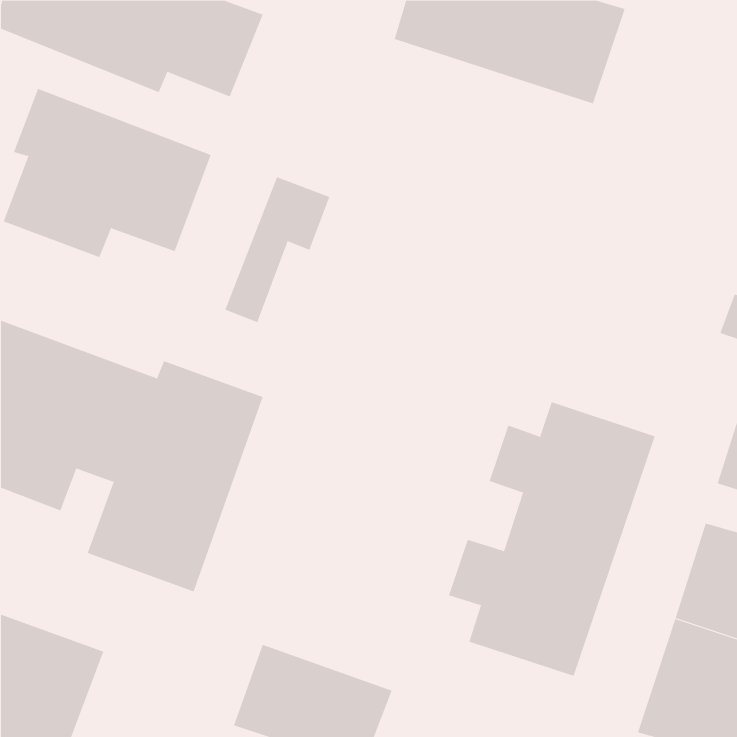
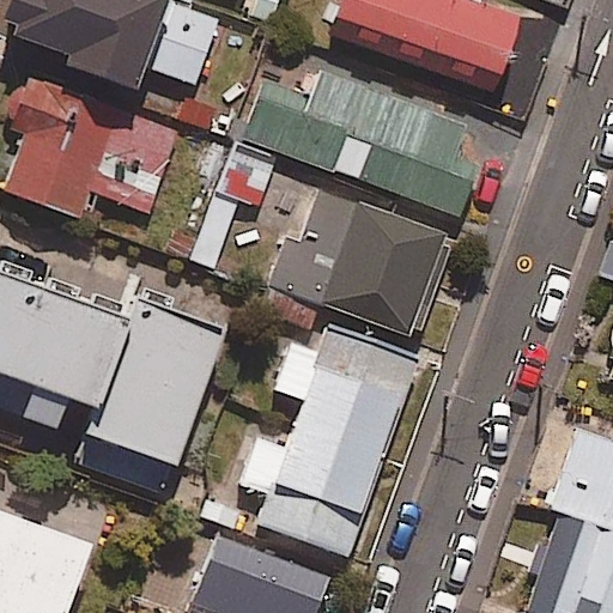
building: none -> [243,74,474,213]
building: none -> [259,188,453,335]
building: [448,402,655,677] -> [242,323,413,551]

